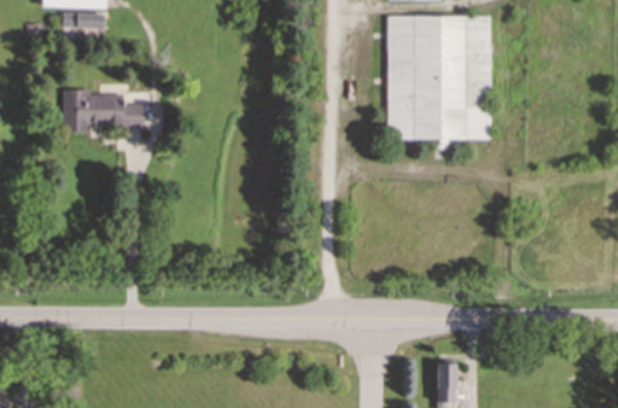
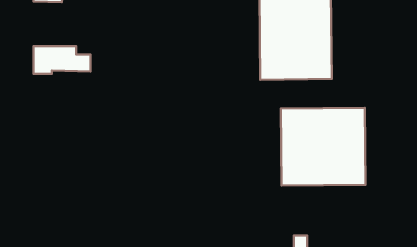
building: none -> [281,108,366,185]

